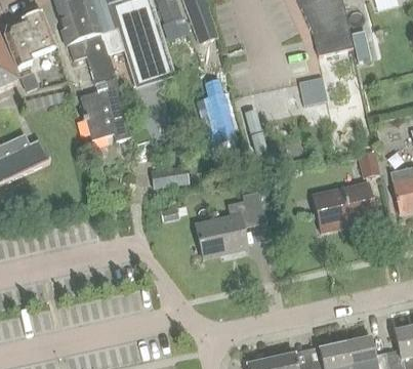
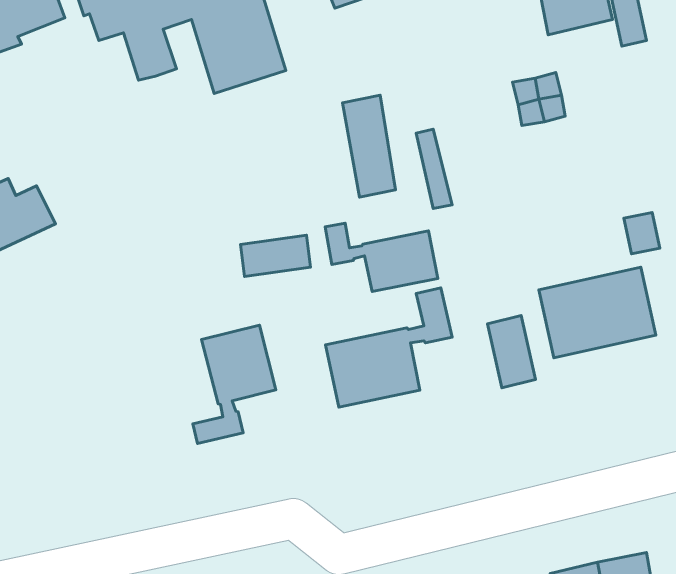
building: [81,74,132,139] -> none
building: none -> [325,223,438,292]
building: none -> [488,316,535,388]
building: none -> [193,325,276,443]

